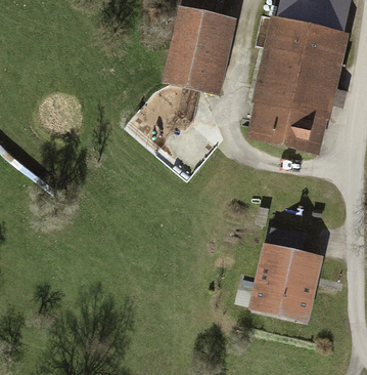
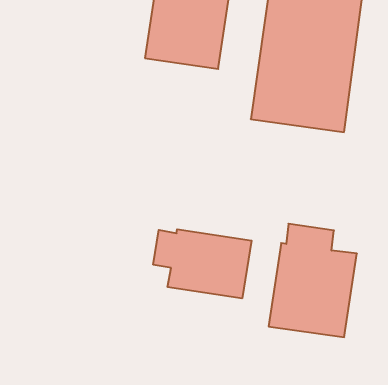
building: none -> [153,229,252,298]

